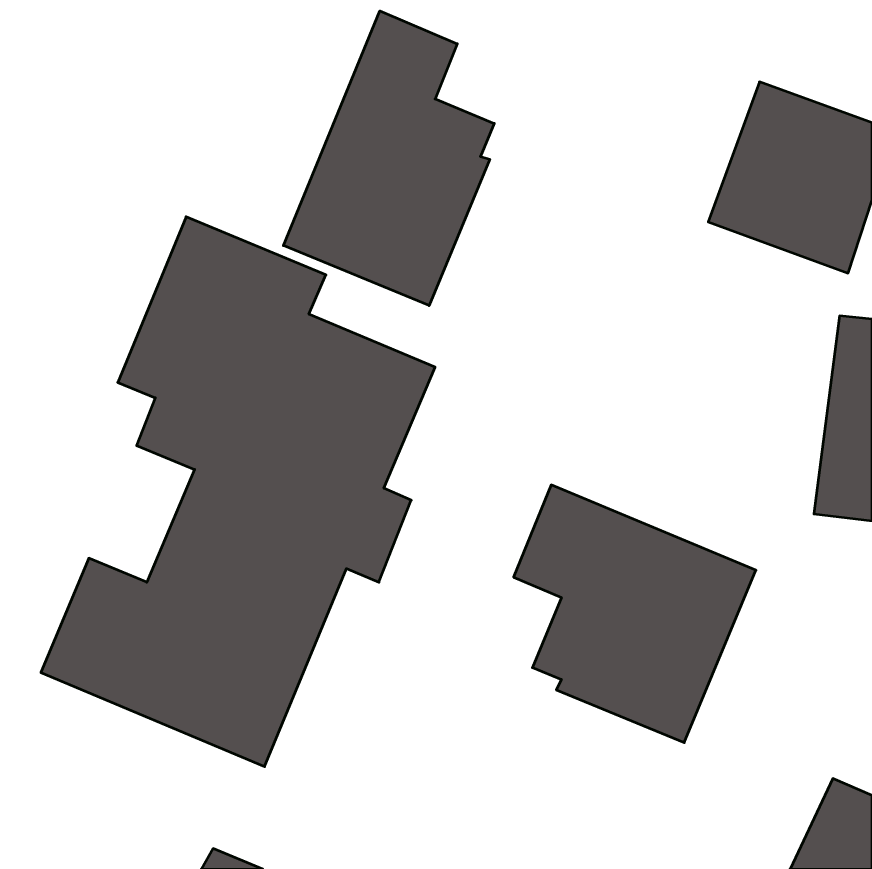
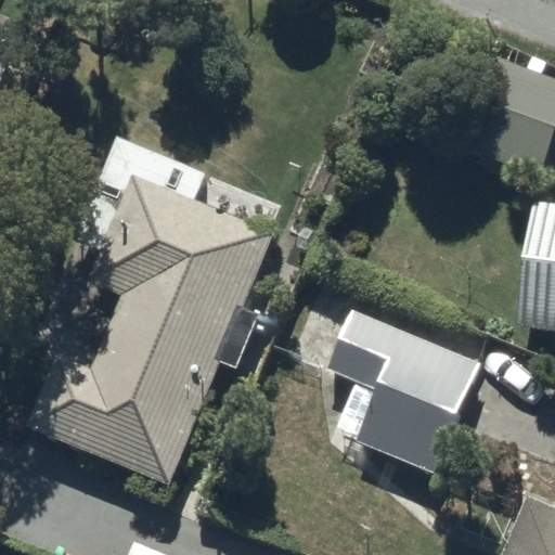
building: [283,11,494,306] -> none

